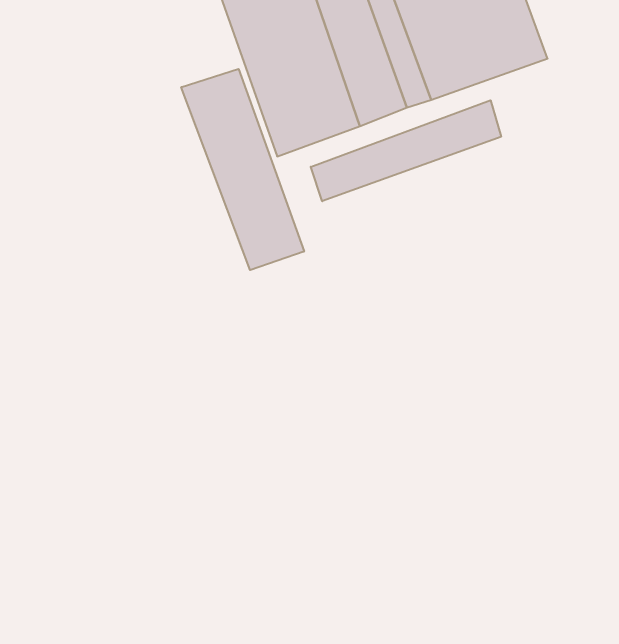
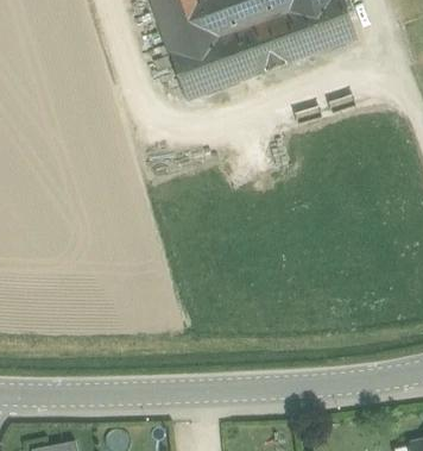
building: [181,69,304,270] -> none
building: [311,100,501,201] -> none

